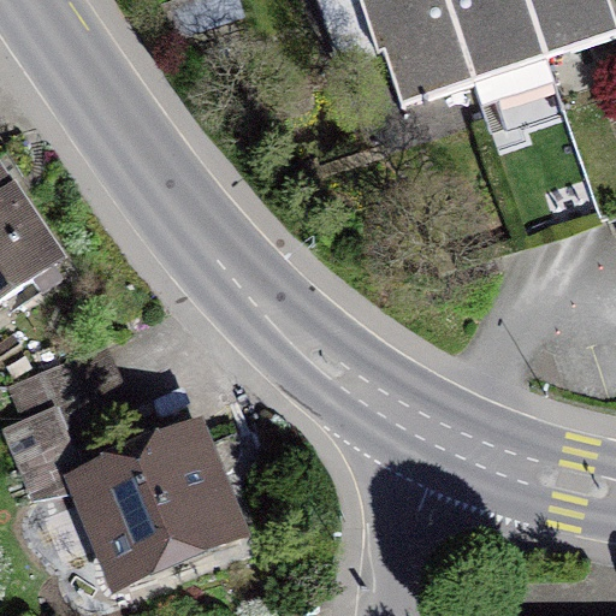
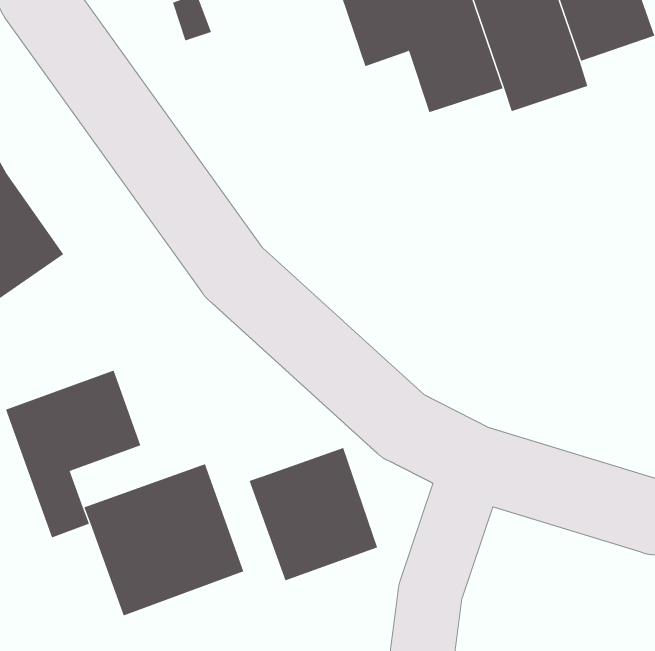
building: none -> [249,447,378,581]

